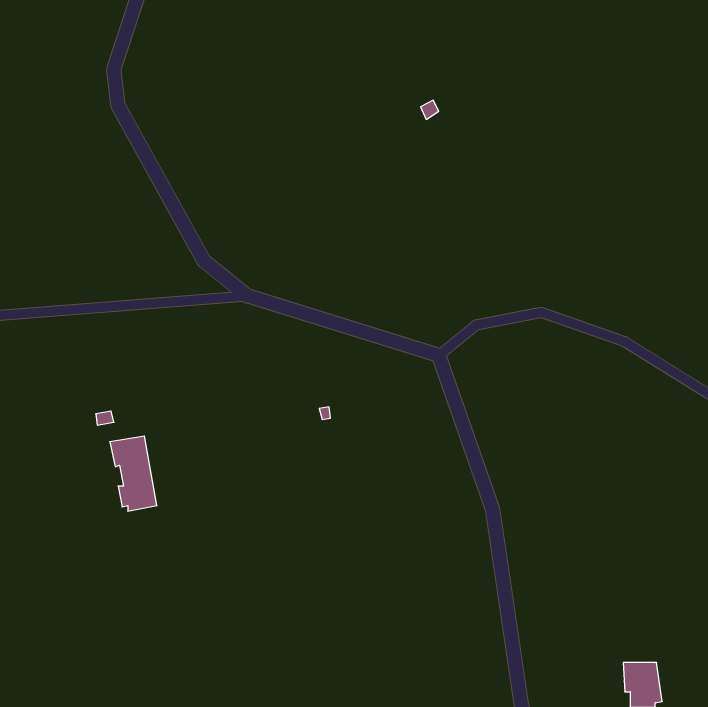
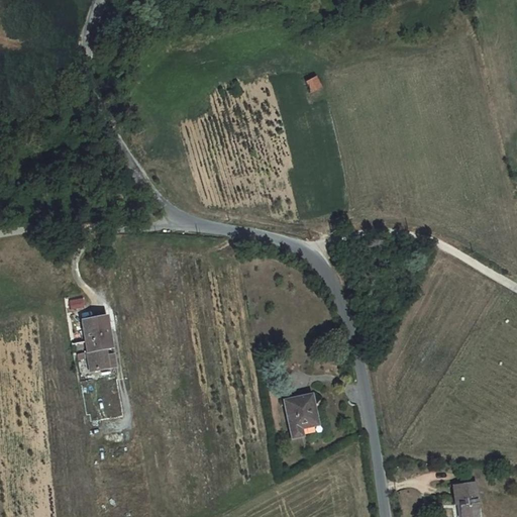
building: none -> [284,397,313,439]

